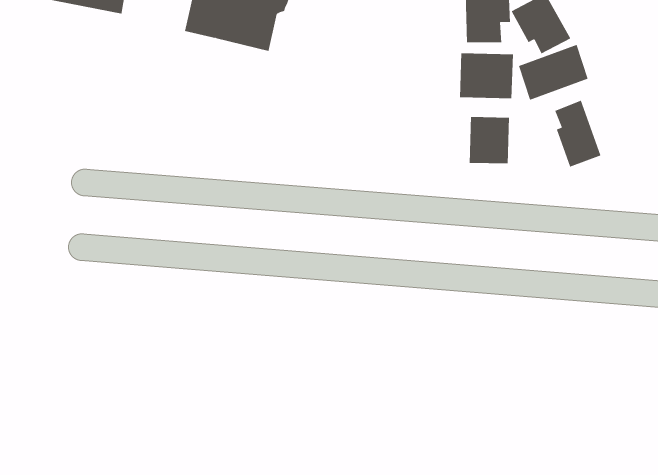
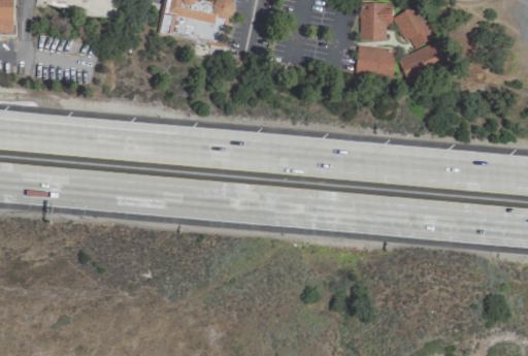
building: [554,100,601,167] -> none
building: [469,116,510,164] -> none

